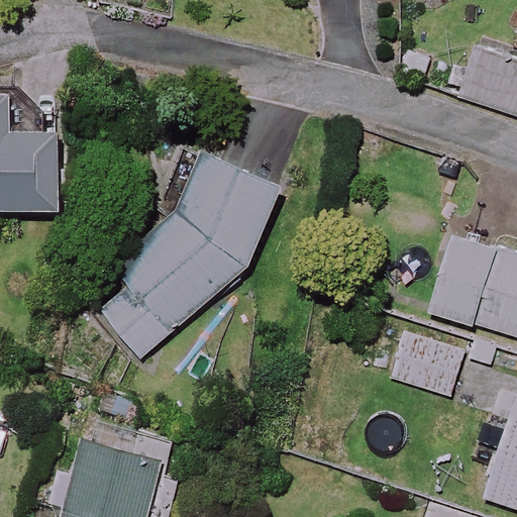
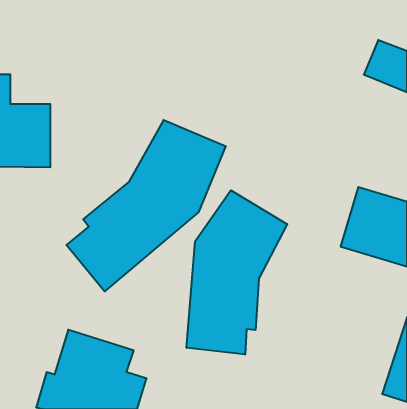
building: none -> [187,190,287,355]
building: [388,330,462,397] -> none

